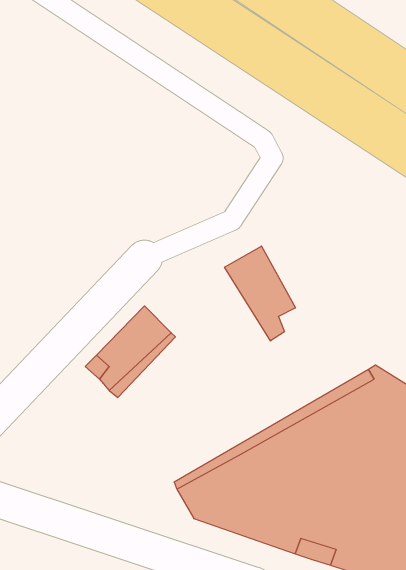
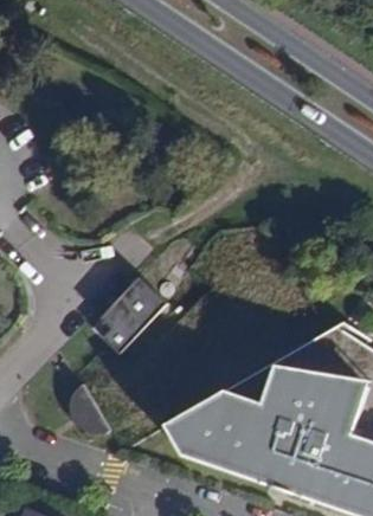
building: [225,246,295,341] -> none
building: none -> [70,385,111,437]

